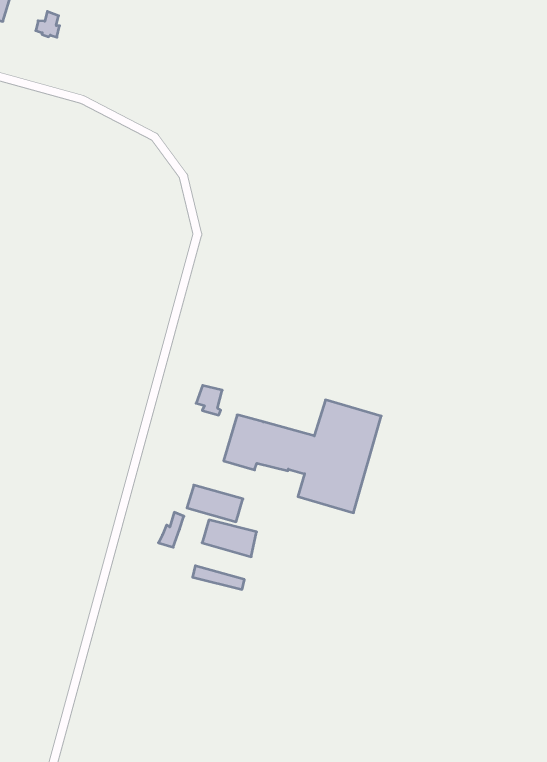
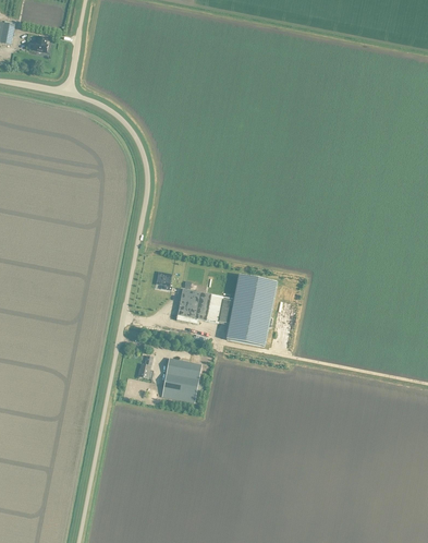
building: [187,485,243,522] -> [162,373,198,395]

